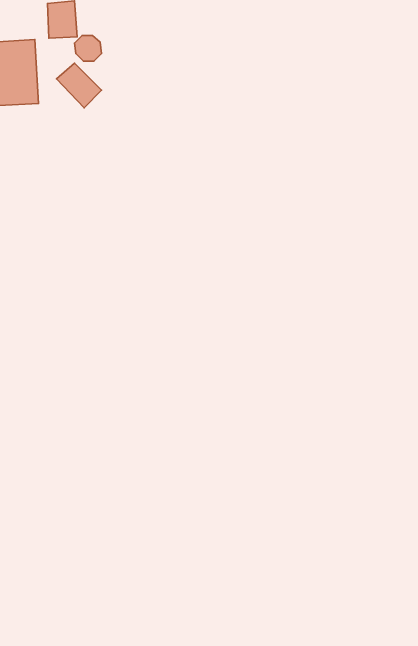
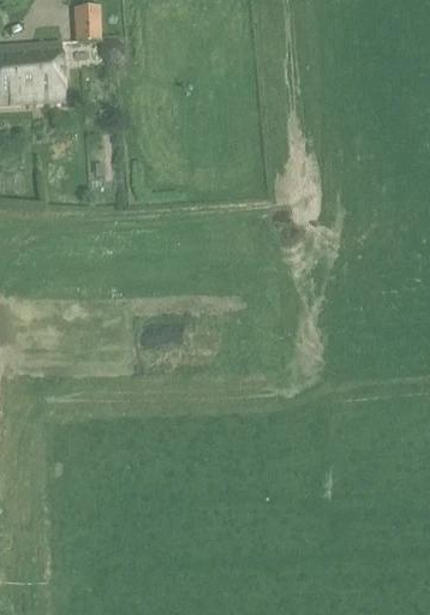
building: [56,63,102,108] -> none

